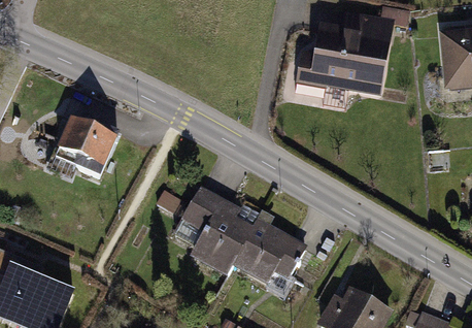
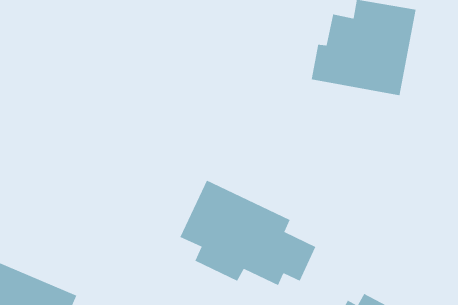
building: [55,119,114,170] -> none

